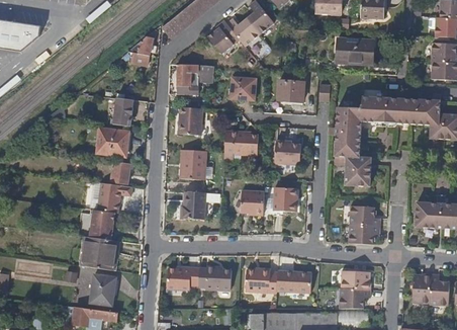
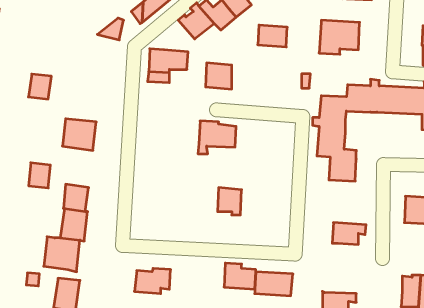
building: [277,81,304,101] -> [258,25,287,47]
building: [112,102,133,126] -> [28,74,51,99]
building: [180,107,203,135] -> none
building: [276,139,302,163] -> none
building: [181,149,206,178] -> none
building: [108,160,128,183] -> [29,163,50,188]
building: [275,187,297,212] -> none
building: [181,191,205,219] -> none
building: [349,205,379,226] -> none
building: [197,266,230,290] -> none
building: [341,270,371,290] -> none

